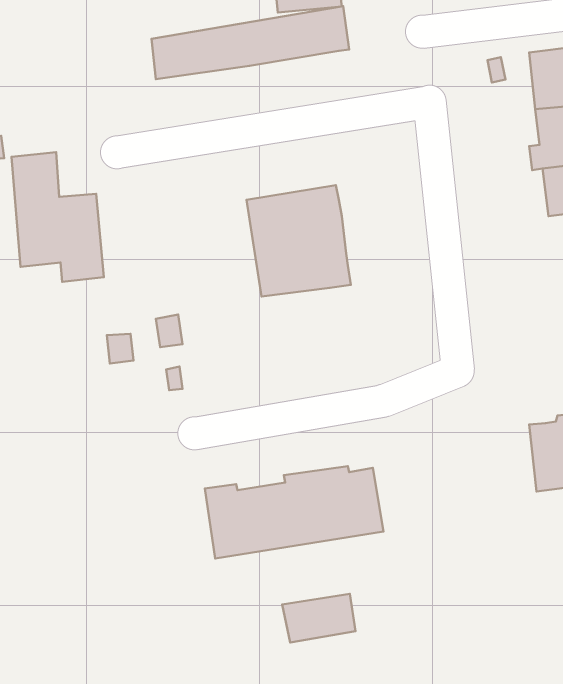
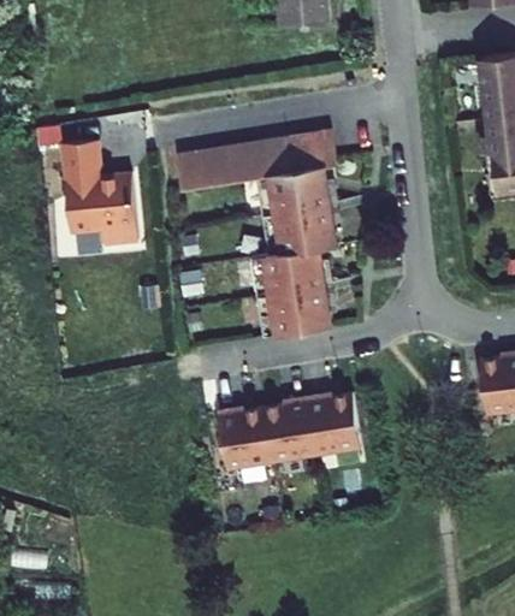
building: [151,6,349,79] -> [172,130,332,189]
building: none -> [249,249,331,337]
building: [282,594,356,642] -> none

